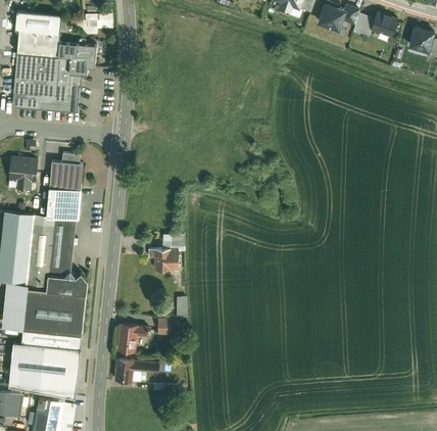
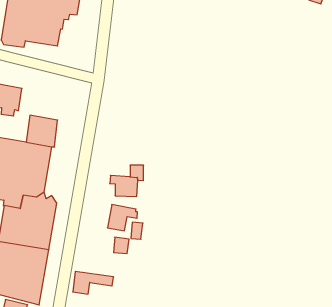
building: [49,152,83,190] -> none
building: [112,323,145,351] -> [107,205,137,231]

